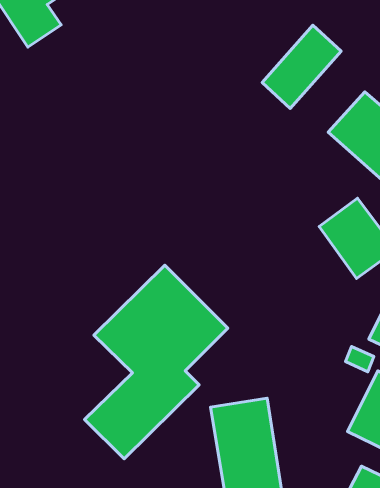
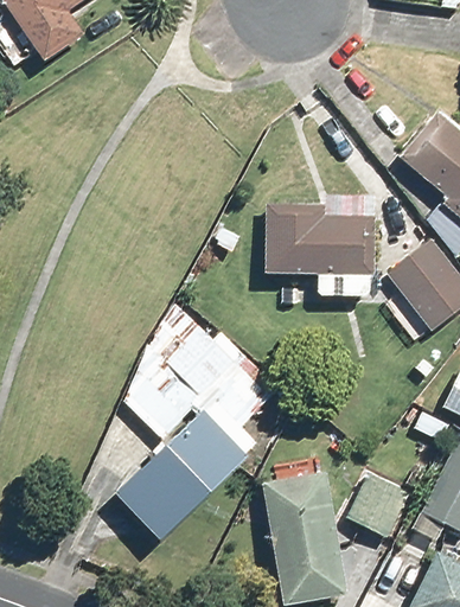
building: [262,25,341,108] -> none
building: none -> [266,207,372,273]
building: none -> [349,472,410,536]

